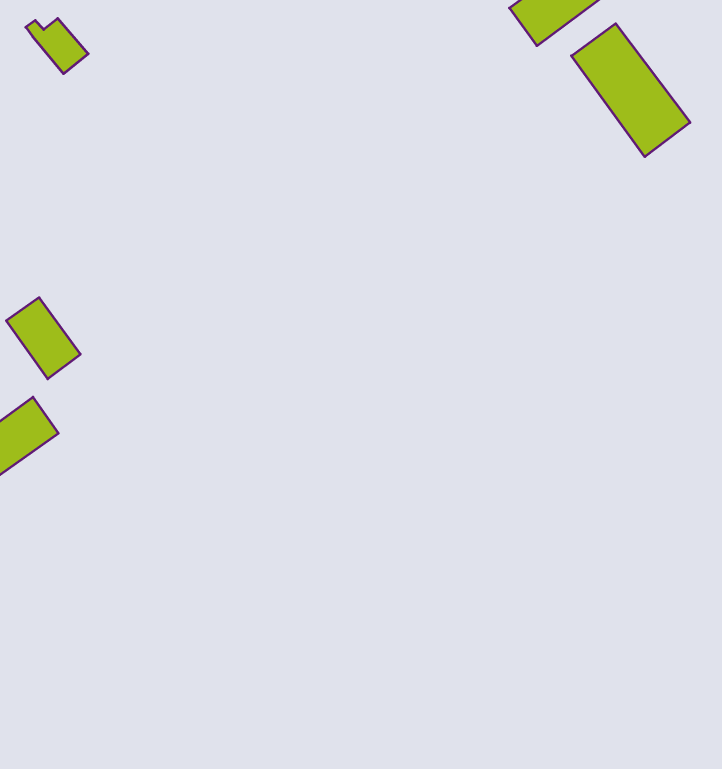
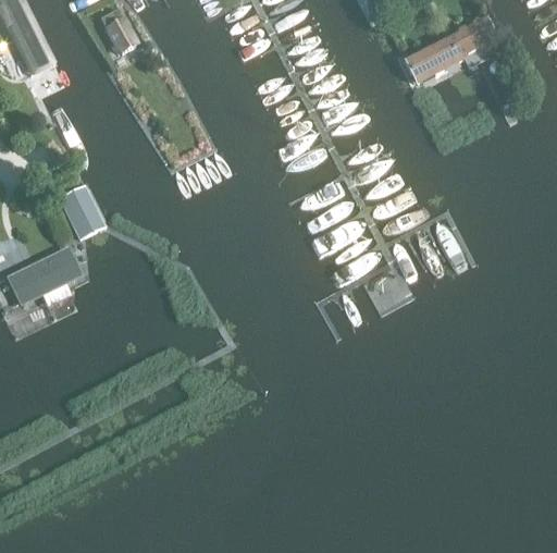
building: [571,24,690,157] -> none

